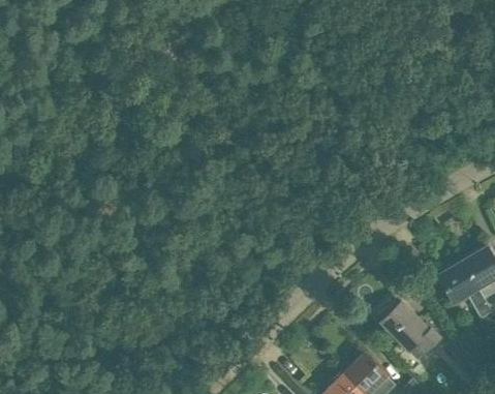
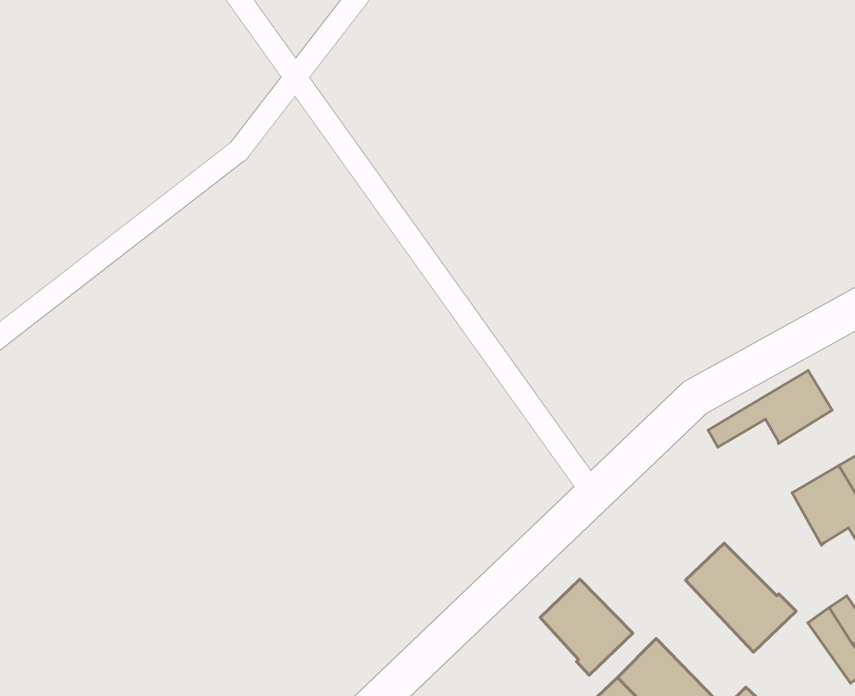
building: none -> [708,371,832,447]
building: none -> [540,579,633,675]

